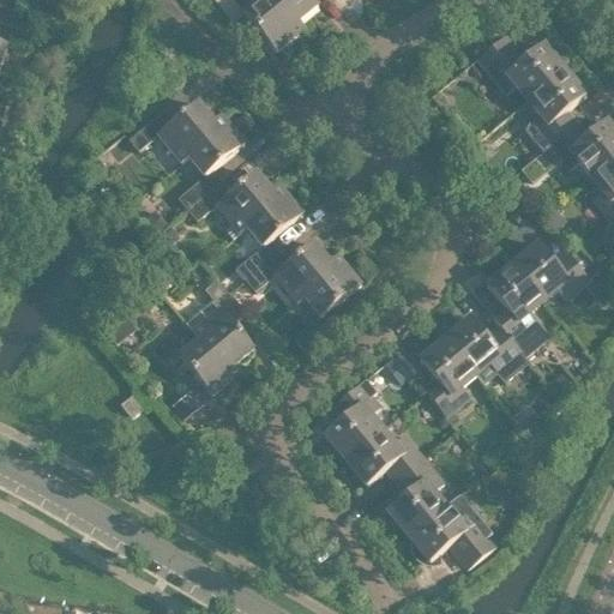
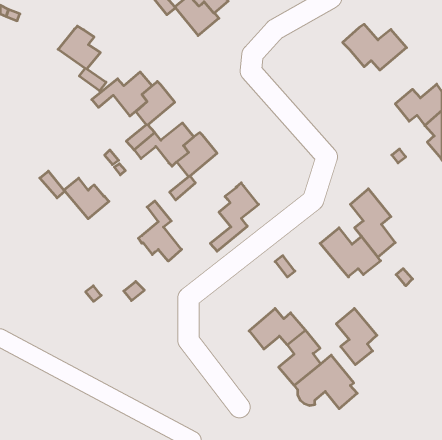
building: none -> [58,26,106,91]
building: [522,66,585,150] -> none
building: [243,240,329,300] -> none
building: [511,240,589,300] -> none
building: [144,326,240,392] -> [40,171,109,219]
building: [419,337,475,415] -> [336,308,377,365]
building: [324,380,381,458] -> none

